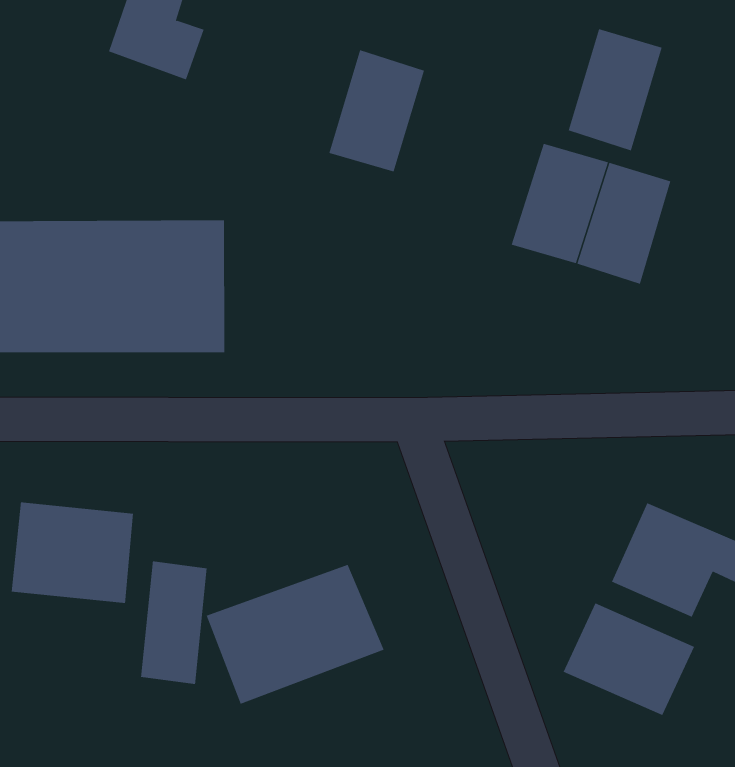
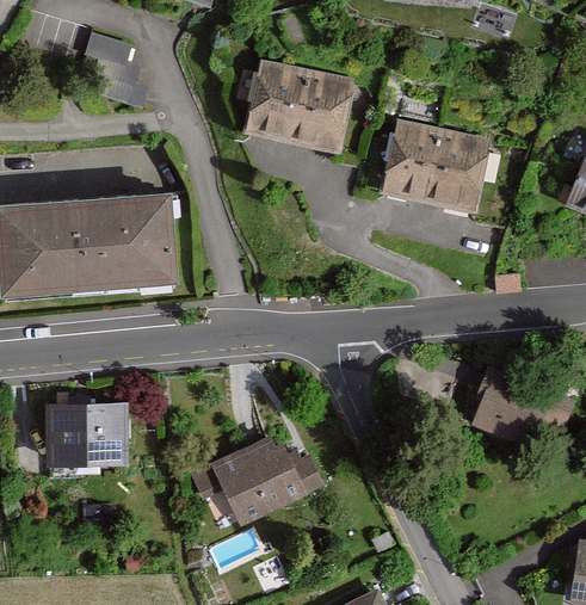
building: [568,29,662,151] -> [292,73,354,158]
building: [141,560,207,685] -> none
building: [563,603,695,716] -> none

